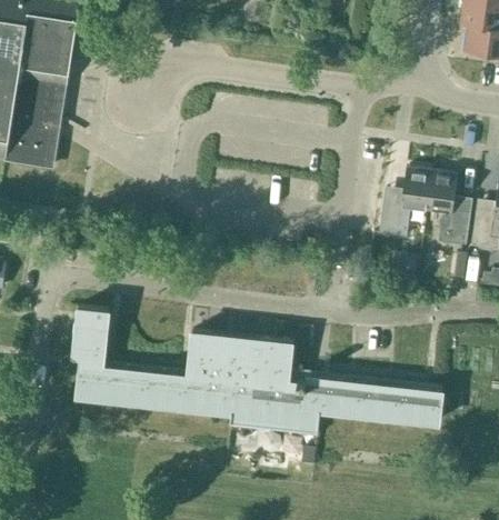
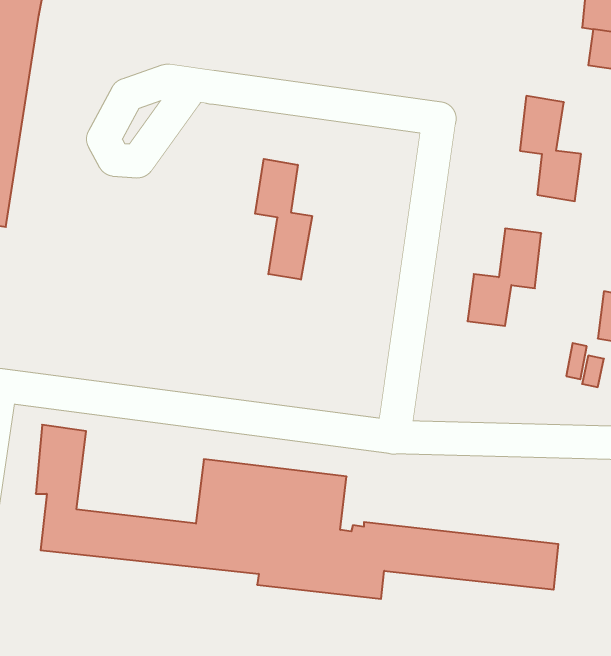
building: none -> [255,159,312,280]
building: [427,172,470,247] -> [520,96,581,201]

